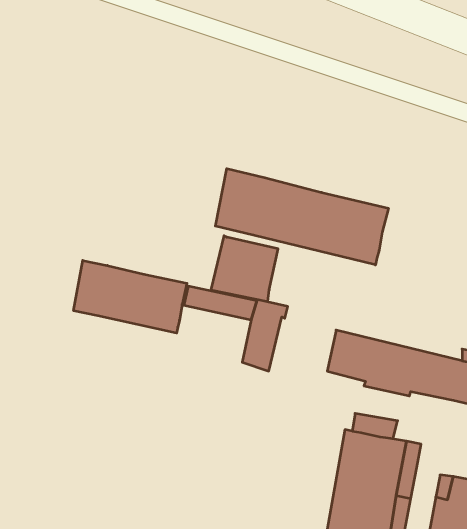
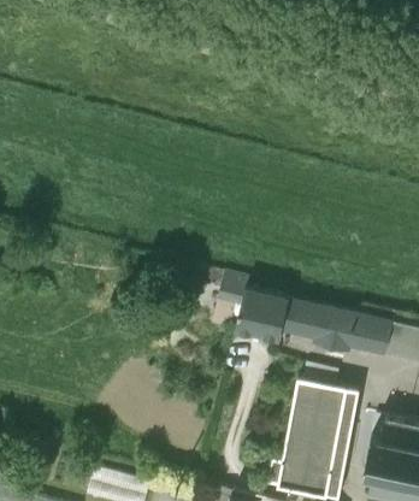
building: [215,169,388,265] -> none
building: [211,236,278,302] -> [235,285,290,340]
building: [74,260,187,333] -> none

